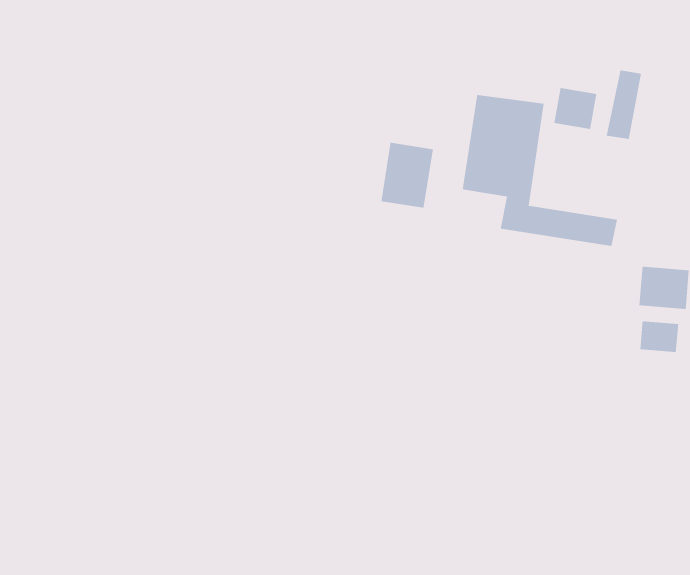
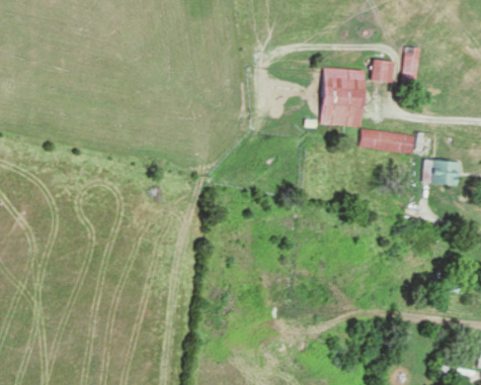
building: [381,142,433,209] -> none
building: [640,321,679,353] -> none

